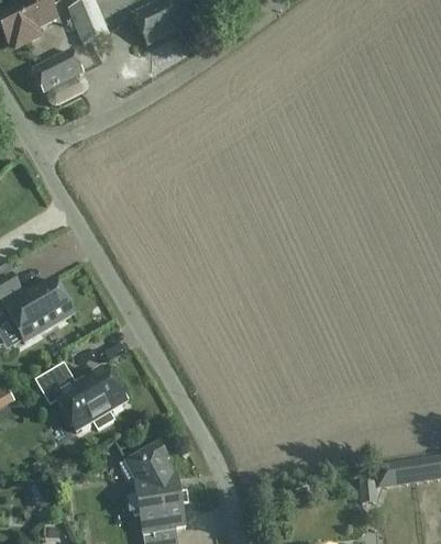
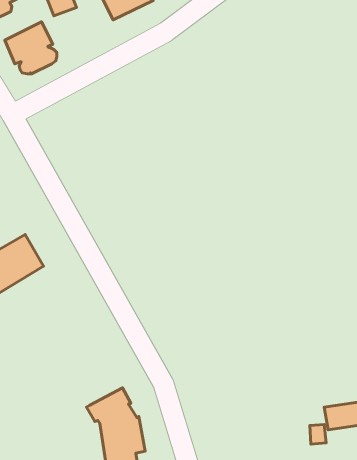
building: [36,364,126,431] -> none

